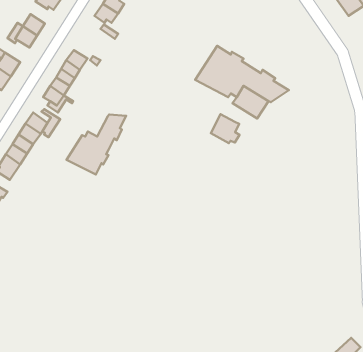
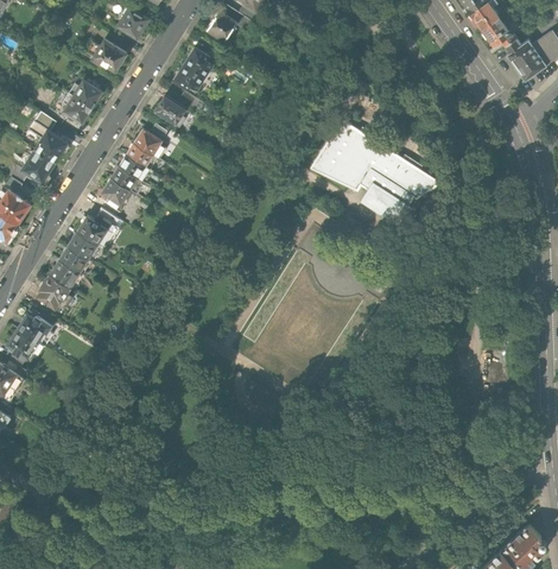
building: none -> [153,95,185,128]
building: [211,114,240,143] -> none
building: [66,115,126,174] -> none

